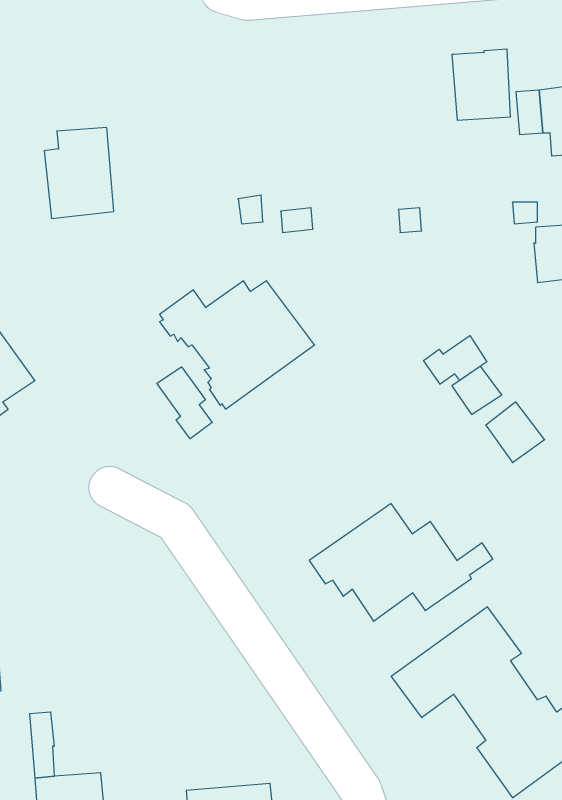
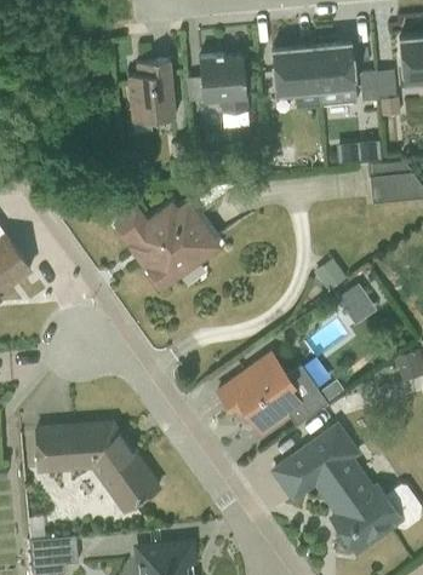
building: none -> [271,48,318,96]
building: none -> [199,57,248,115]
building: [44,128,114,218] -> [127,62,175,123]
building: [424,336,487,384] -> none
building: [157,367,212,439] -> none
building: none -> [36,424,159,513]

